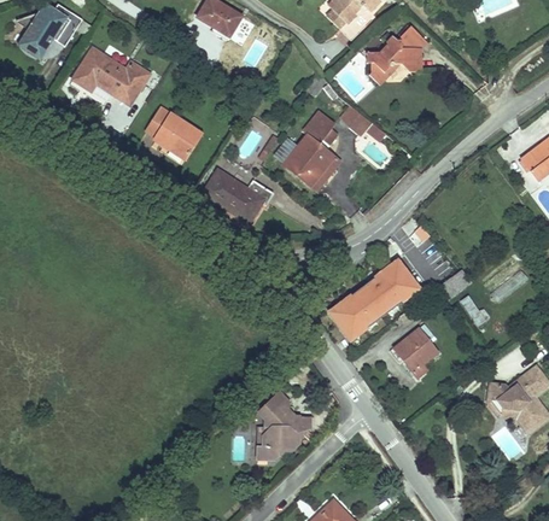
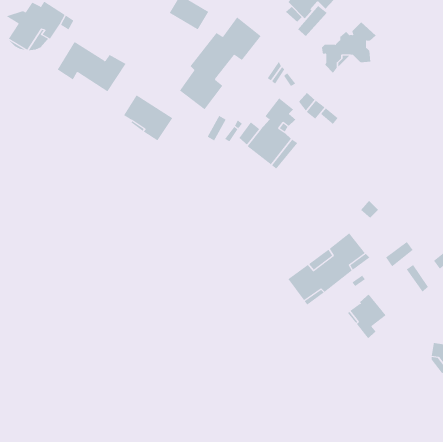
building: none -> [179,17,261,110]
building: [203,169,274,222] -> none
building: [257,391,310,462] -> none

